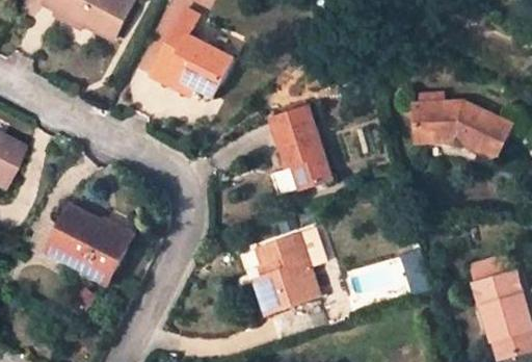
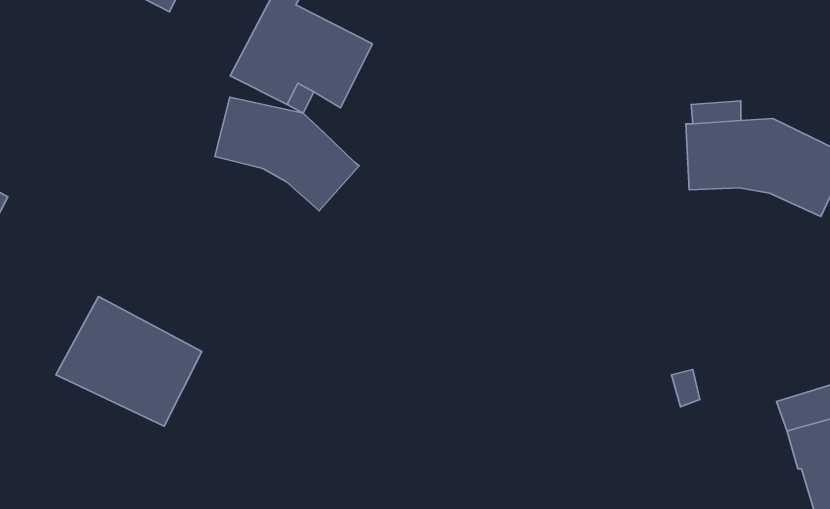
building: none -> [215,97,359,211]
building: [270,108,331,187] -> none
building: [252,229,325,314] -> none

